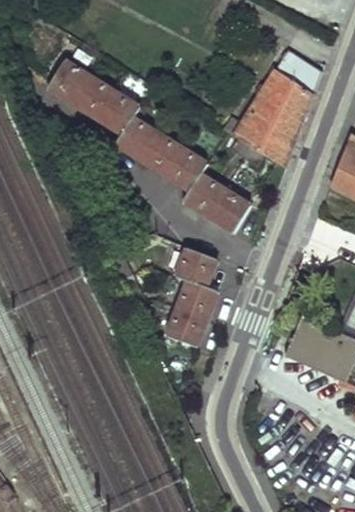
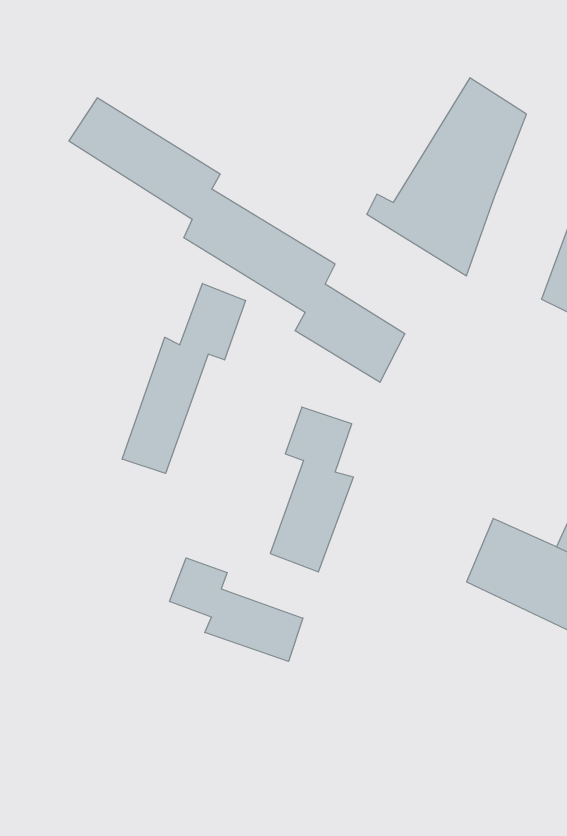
building: none -> [122,283,246,473]
building: none -> [170,558,303,661]

